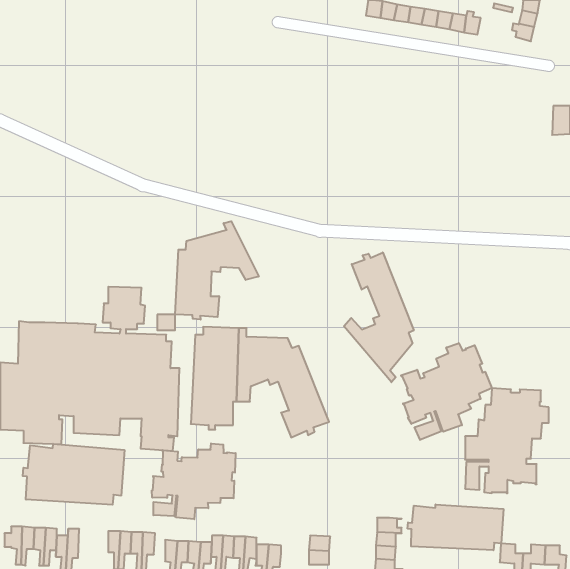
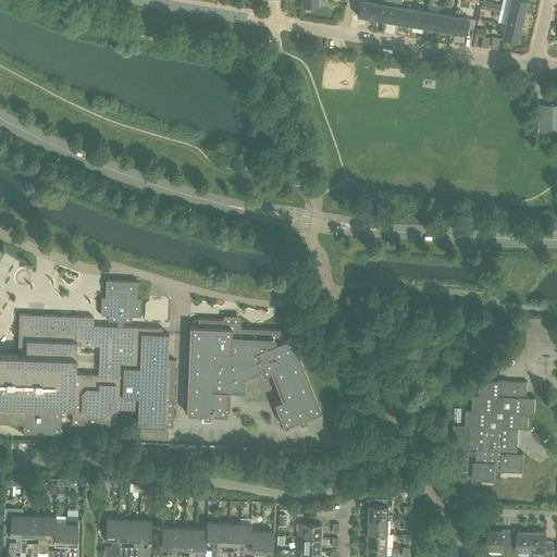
building: [175,221,259,320] -> none
building: [344,252,414,382] -> none
building: [401,343,492,440] -> none
building: [152,443,236,519] -> none
building: [23,444,124,505] -> none
building: [408,504,503,550] -> none

